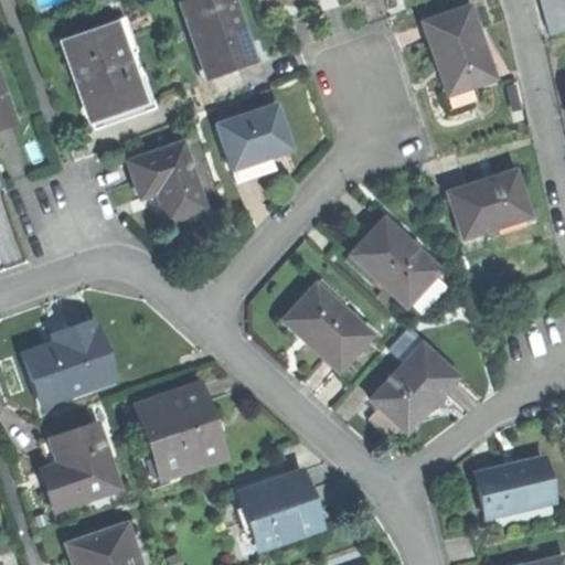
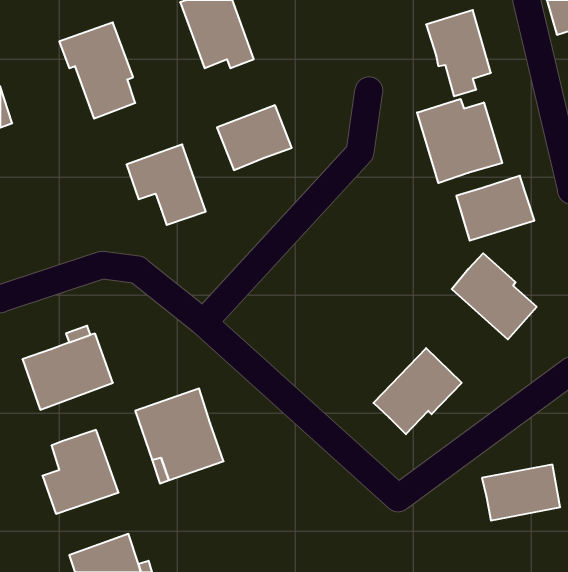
building: none -> [417,99,502,183]
building: [353,220,437,305] -> [452,253,537,339]
building: [287,281,369,367] -> none
building: [239,472,316,551] -> none

